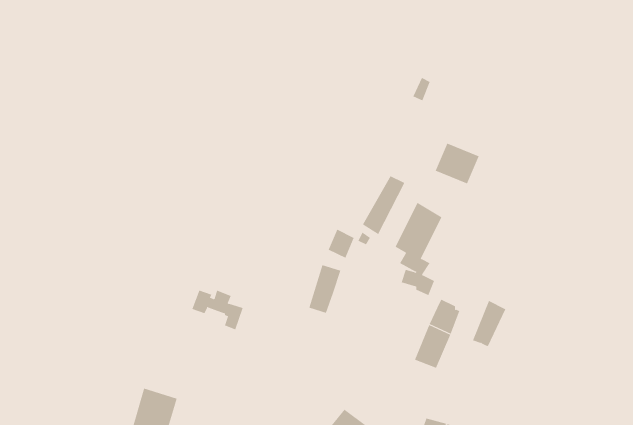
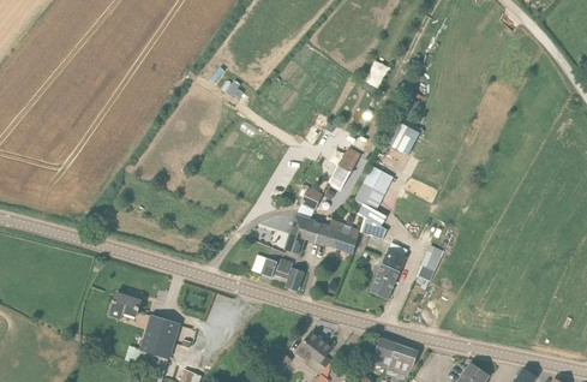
building: none -> [305,220,359,252]
building: [191,290,243,330] -> [260,258,303,291]
building: none -> [108,293,140,320]

